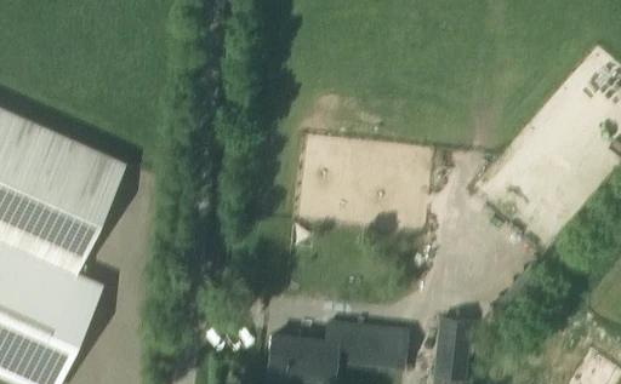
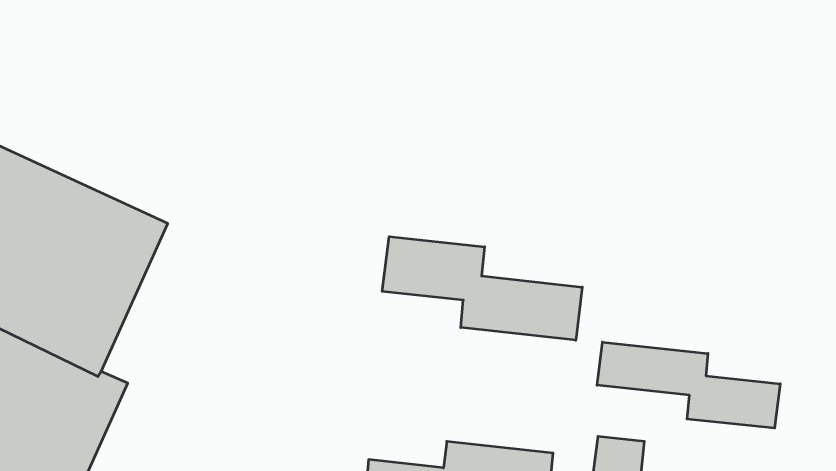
building: none -> [382,237,582,340]
building: none -> [597,342,780,428]

